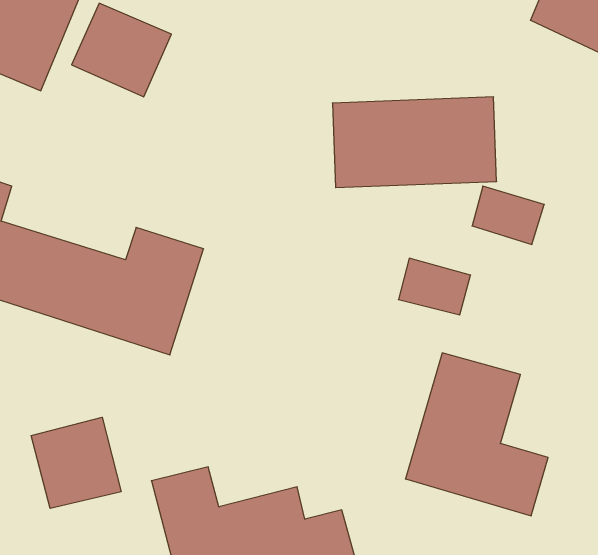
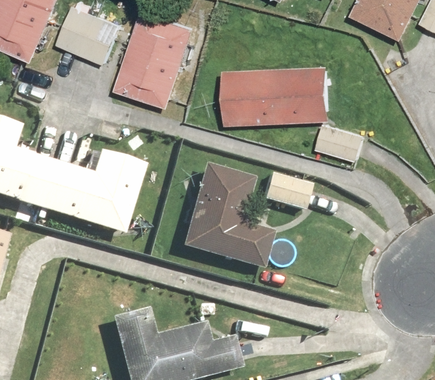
building: none -> [117,10,196,107]
building: [405,353,548,516] -> [176,162,269,268]
building: [31,417,121,508] -> none

